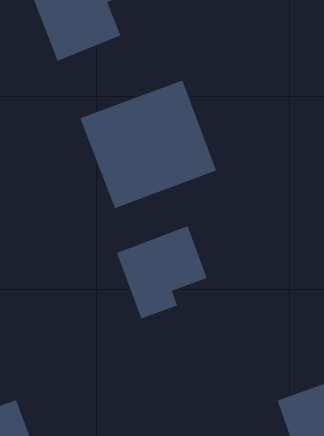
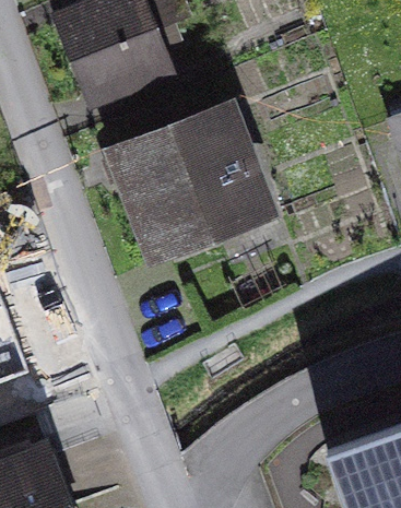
building: [116,225,208,319] -> none

